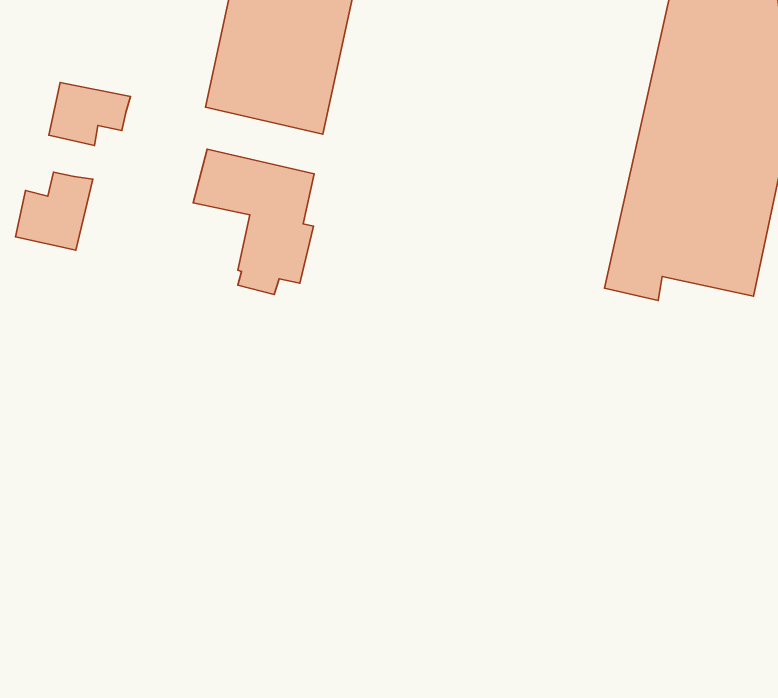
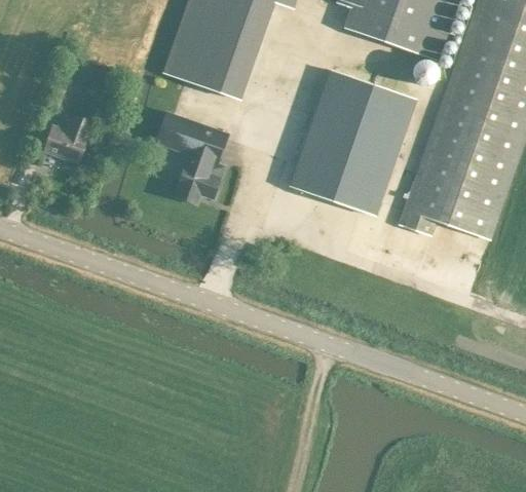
building: none -> [289,69,416,216]
building: [49,82,131,146] -> none

